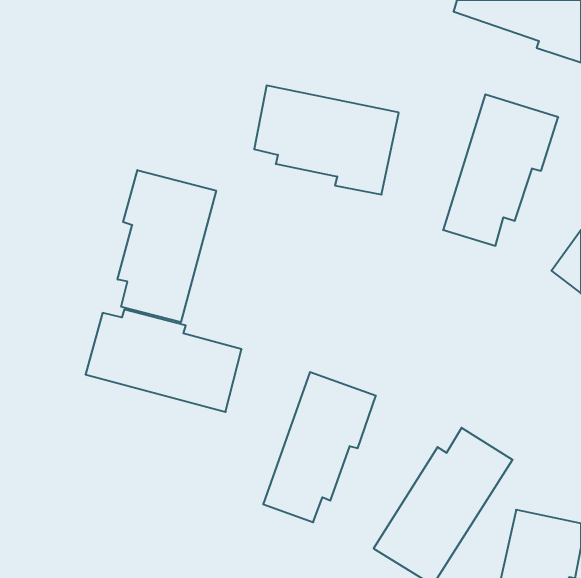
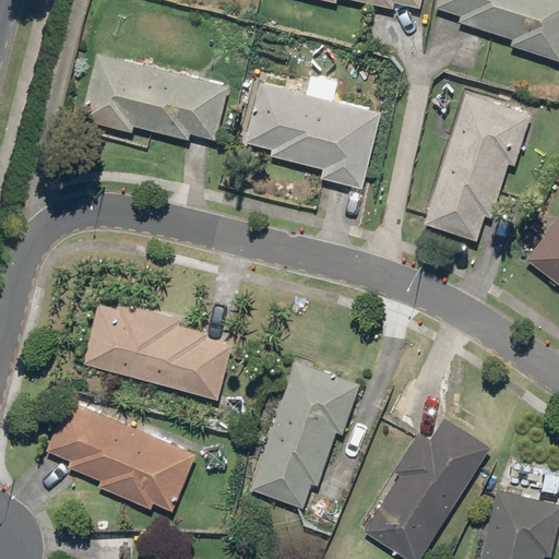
building: none -> [83,53,228,151]
building: [118,170,216,322] -> none
building: none -> [46,399,194,508]

